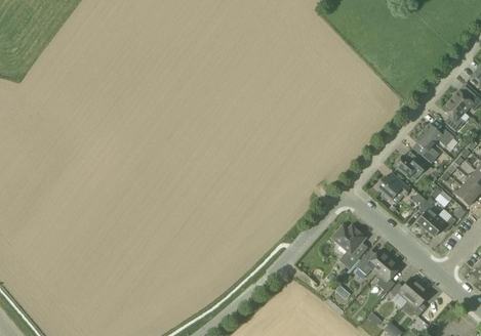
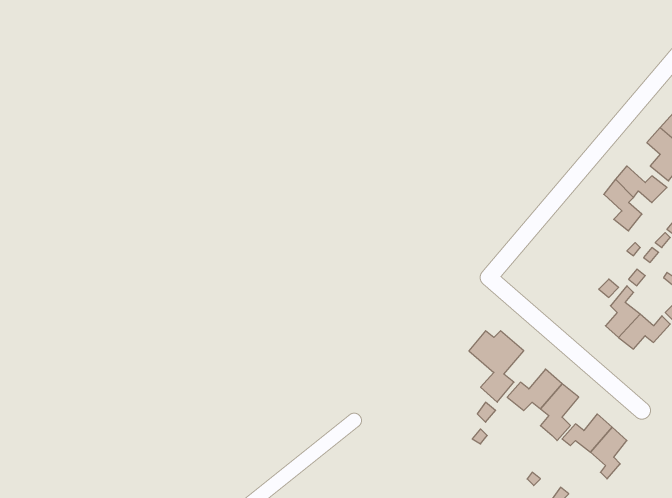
building: [394,156,427,178] -> none
building: [375,176,409,200] -> none

